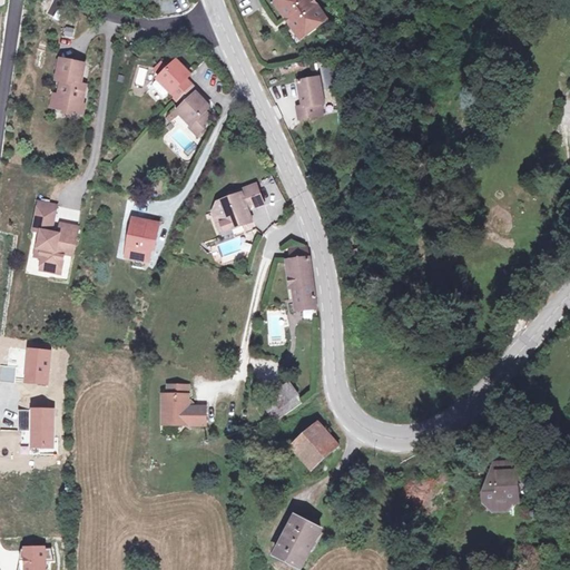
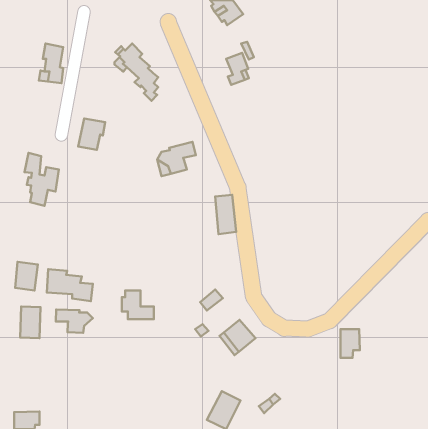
building: [122,217,158,258] -> [78,119,105,150]
building: none -> [47,269,93,301]
building: none -> [56,310,93,333]
building: [487,471,512,509] -> [341,329,360,358]

